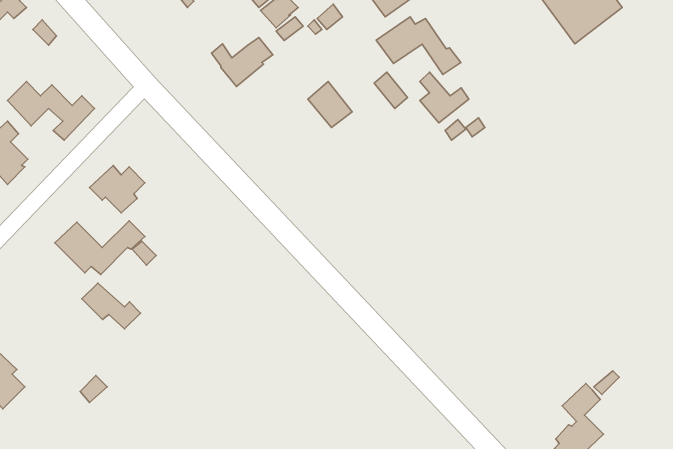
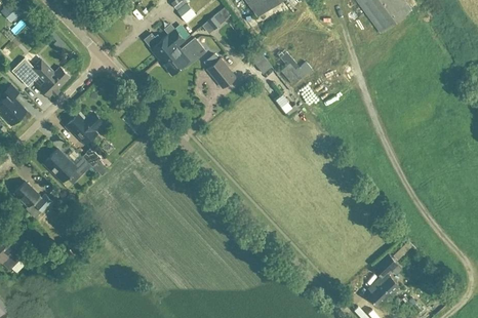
building: [376,17,461,75] -> none
building: none -> [160,38,205,75]
building: [82,283,140,329] -> [13,182,51,211]

